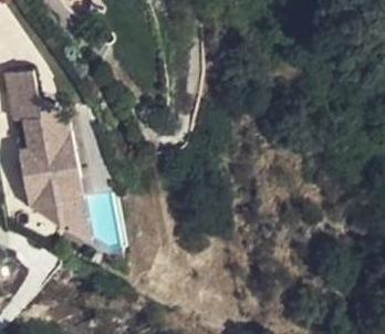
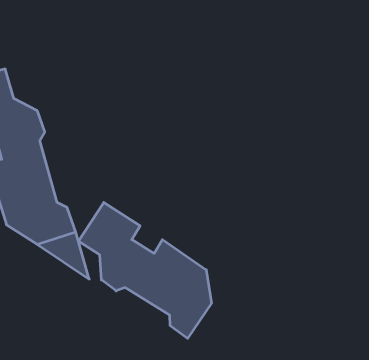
building: none -> [78,202,211,338]

